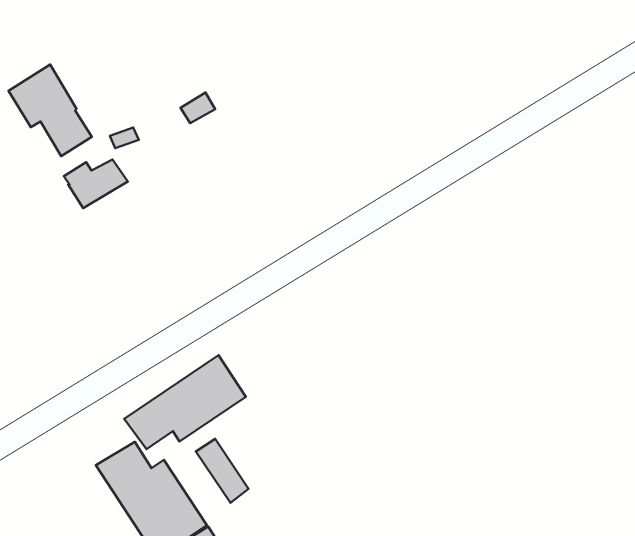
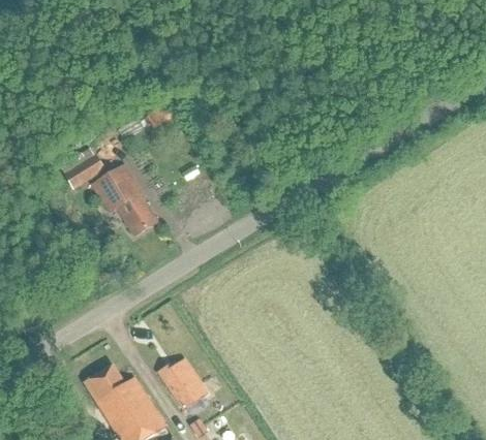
building: [9,64,92,156] -> [94,164,156,232]
building: [124,355,246,449] -> none

